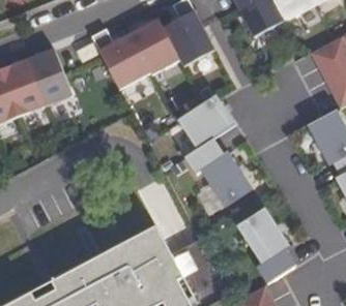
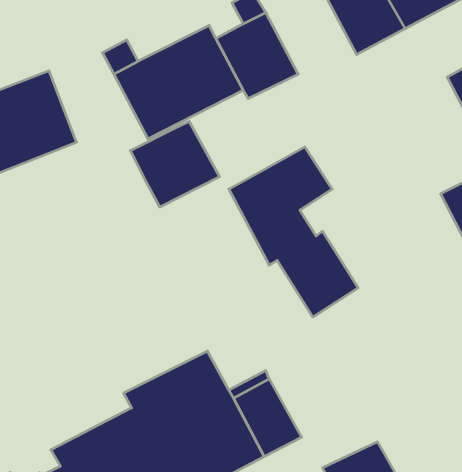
building: none -> [130,121,219,207]
building: [238,207,297,282] -> none

